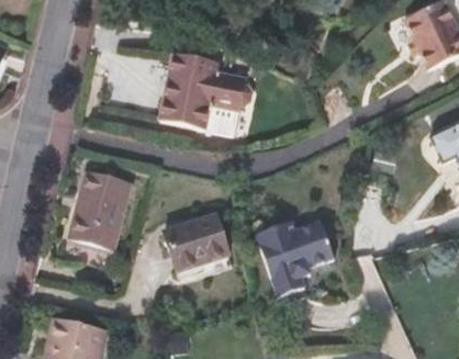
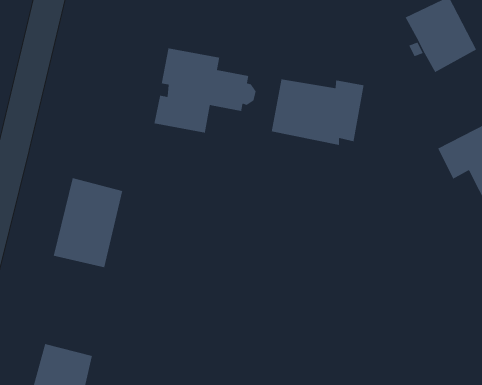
building: none -> [271,79,364,146]
building: [166,212,228,266] -> none
building: [257,217,335,294] -> none

